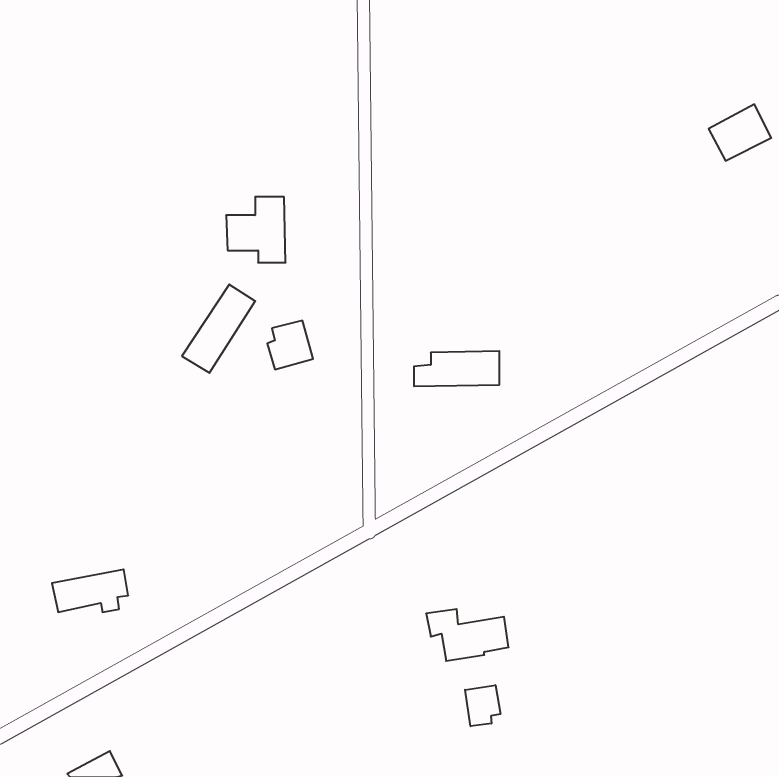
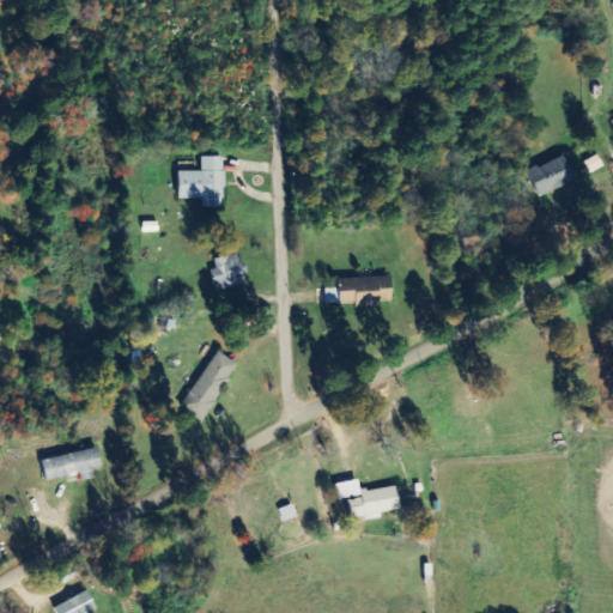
building: [709,104,771,161] -> [526,152,575,196]
building: [182,284,255,373] -> [180,350,237,419]
building: [465,685,500,726] -> none

